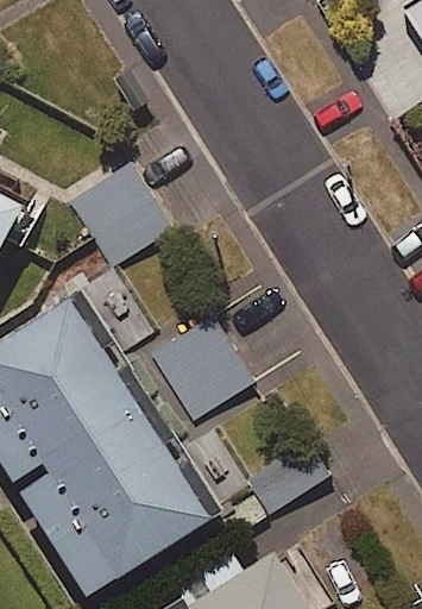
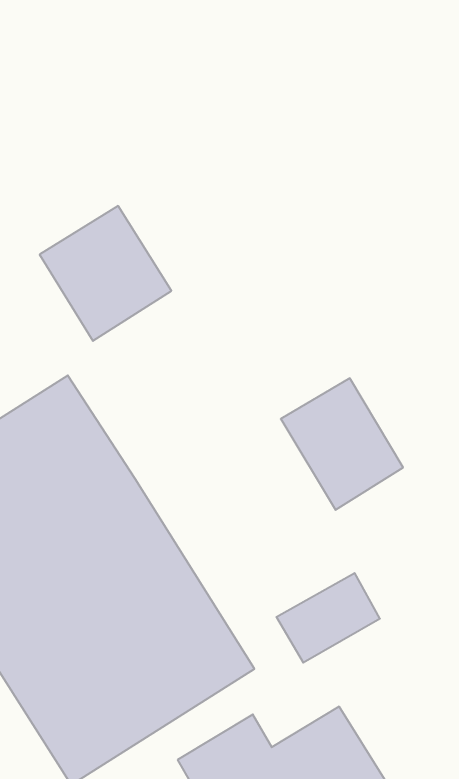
building: [155,313,247,413] -> [281,378,403,510]

